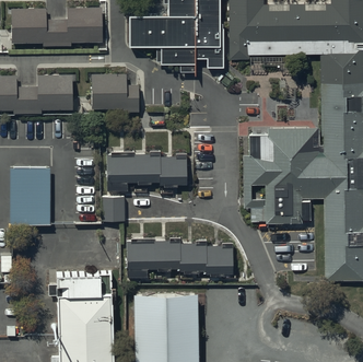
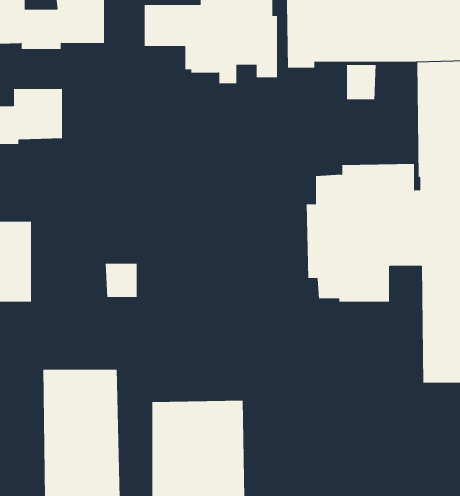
building: none -> [347,64,376,100]
building: [92,73,139,113] -> none
building: [107,151,188,191] -> none
building: [128,244,235,279] -> none

